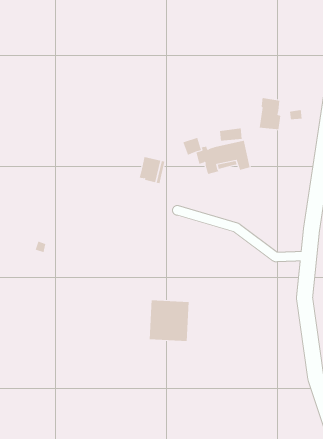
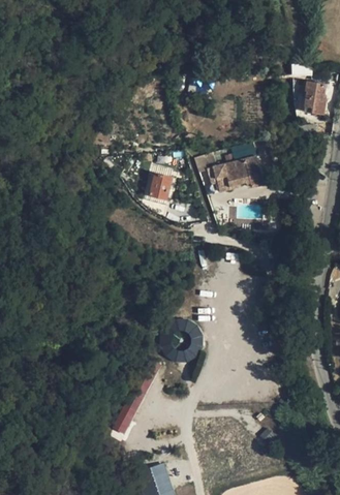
building: [259,97,281,130] -> [303,81,326,114]
building: none -> [109,358,160,434]

